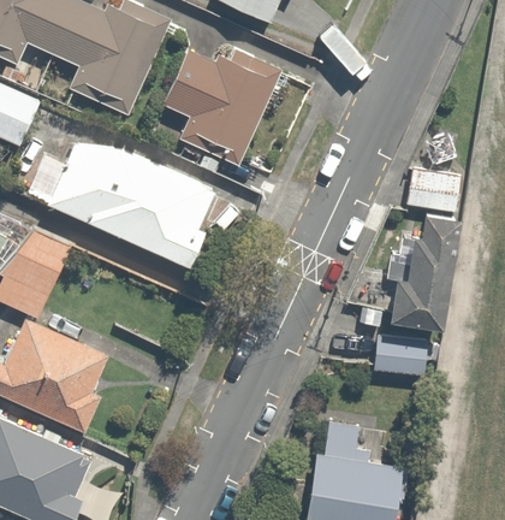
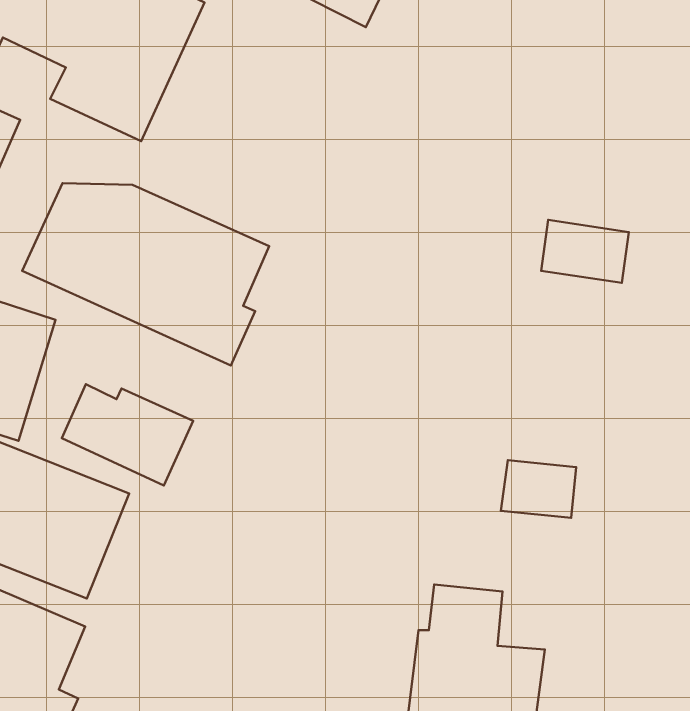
building: [162,41,283,159] -> none
building: [375,221,442,331] -> none
building: none -> [62,384,193,485]

